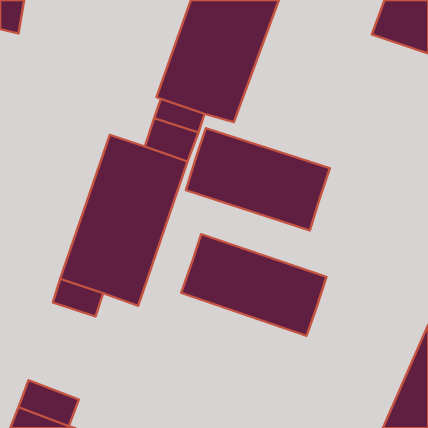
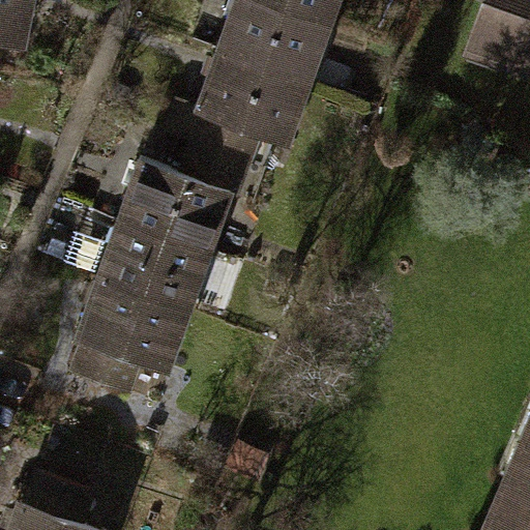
building: [186,128,330,230] -> none
building: [181,234,327,336] -> none

